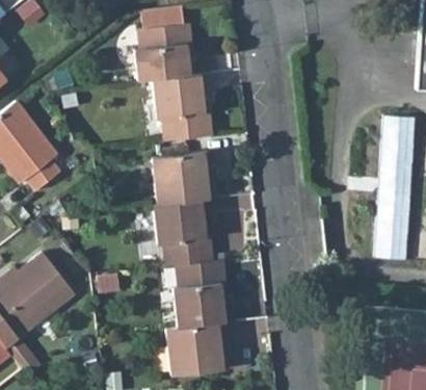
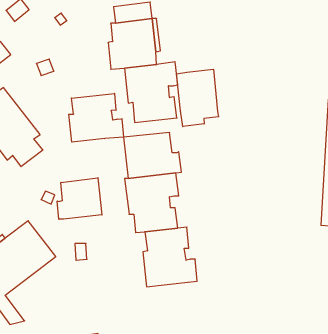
building: none -> [177,69,219,127]
building: none -> [69,93,124,142]
building: none -> [57,178,102,219]
building: [165,322,228,375] -> none

